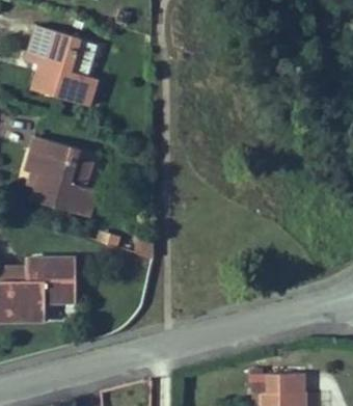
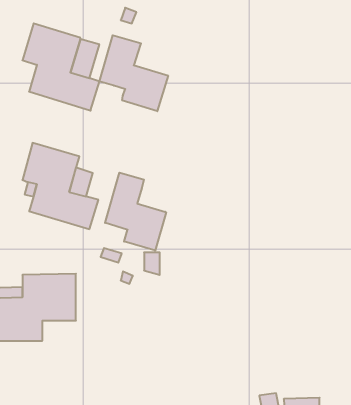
building: none -> [99,35,168,111]
building: none -> [105,173,166,251]

